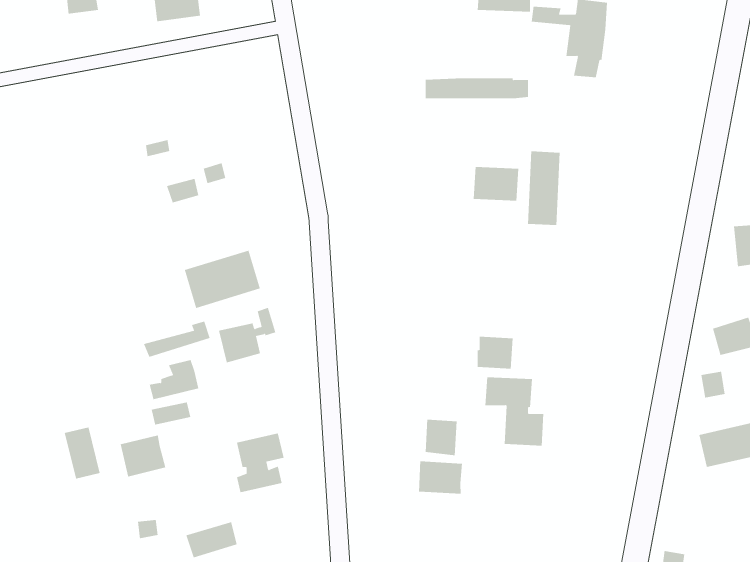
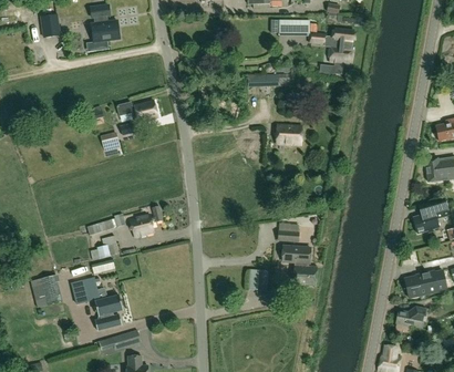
building: none -> [116,101,158,122]
building: [528,151,560,226] -> none
building: [184,250,261,309] -> none
building: [236,433,284,493] -> [95,296,123,330]
building: [419,461,463,495] -> none
building: none -> [396,307,427,328]

